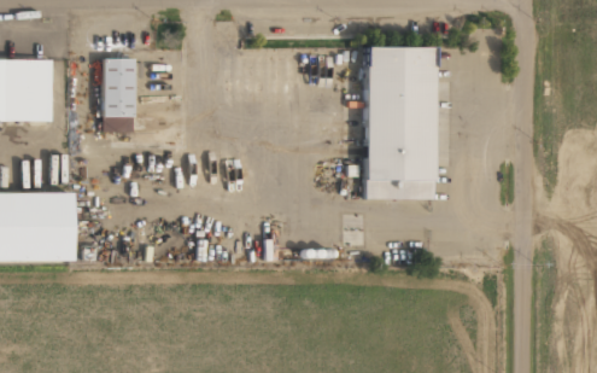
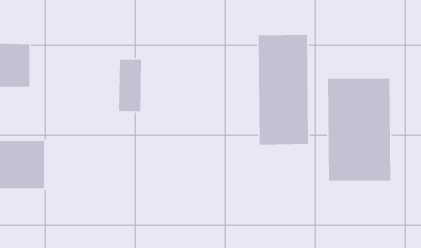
building: [103,59,135,133] -> [118,59,142,112]
building: none -> [327,78,391,182]

